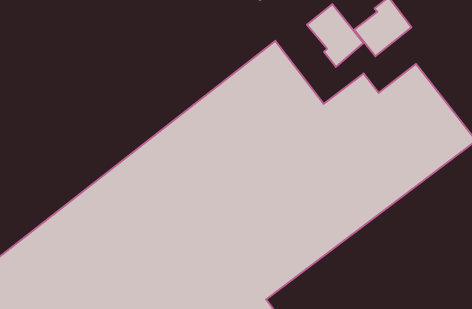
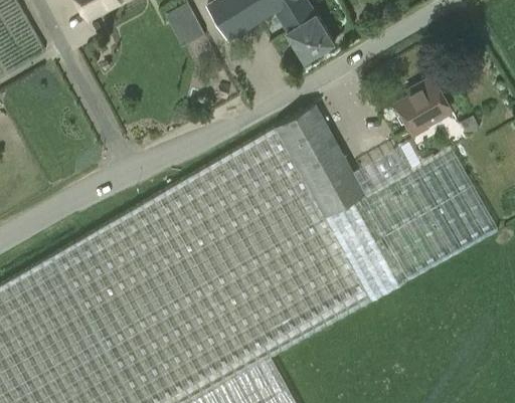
building: [307,4,364,67] -> none

